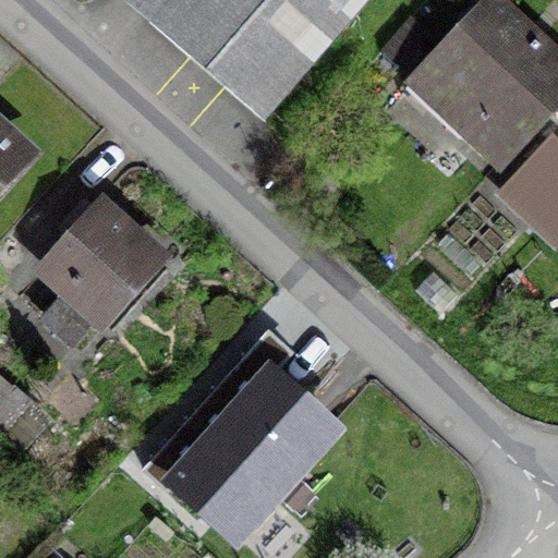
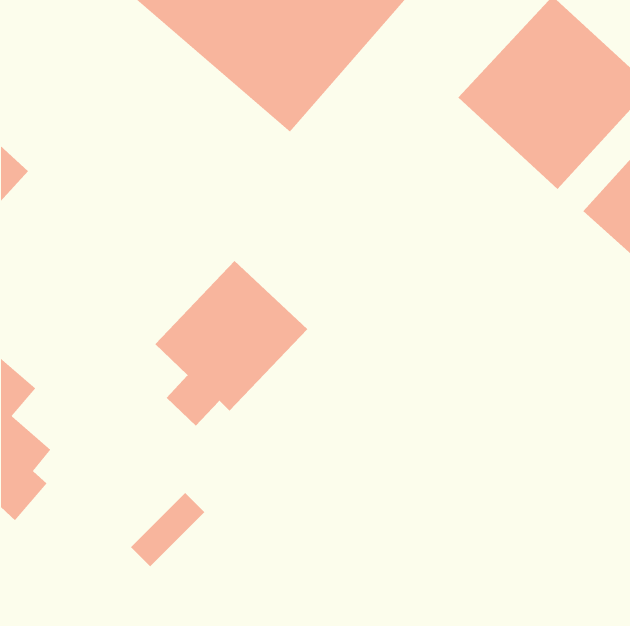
building: [31,201,165,345] -> [154,260,308,426]
building: [201,374,326,517] -> none

